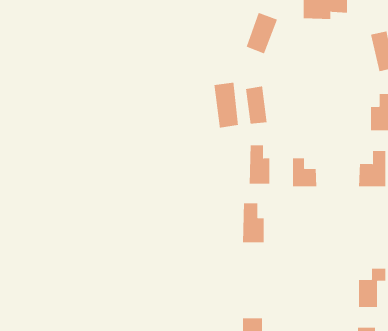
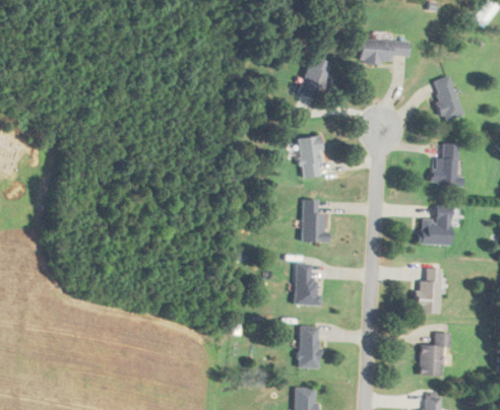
building: [214,82,239,128] -> none
building: [292,158,317,187] -> none
building: none -> [418,269,441,313]
building: none -> [299,326,319,367]

